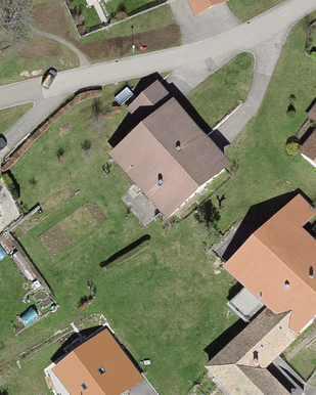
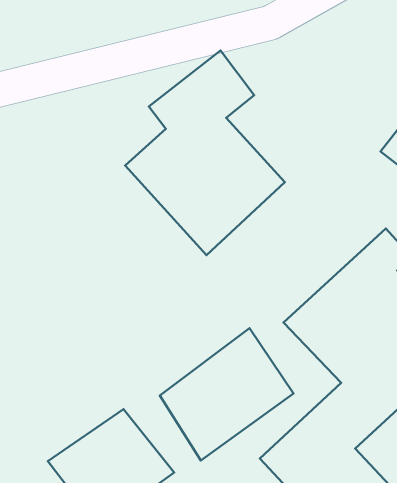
building: none -> [160,328,293,460]

